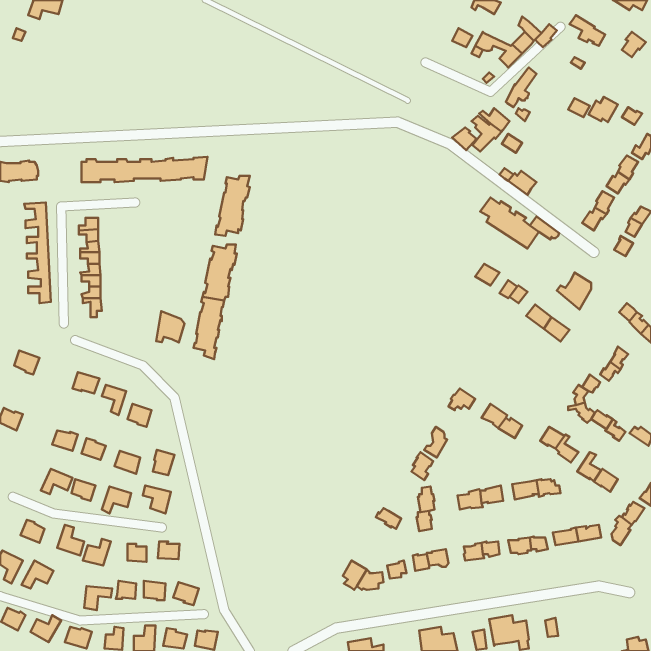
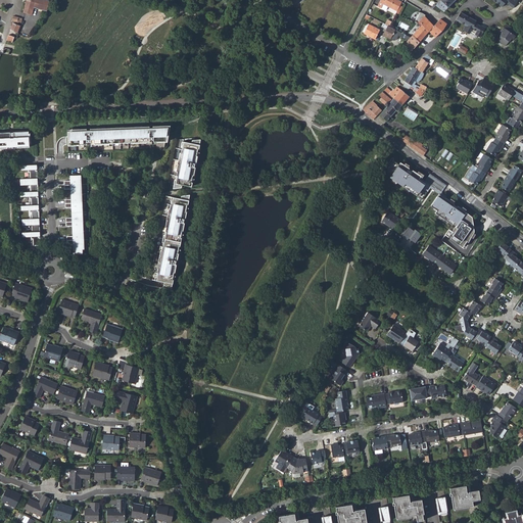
building: none -> [430,193,465,225]
building: [156,311,185,342] -> none
building: none -> [449,484,480,508]

